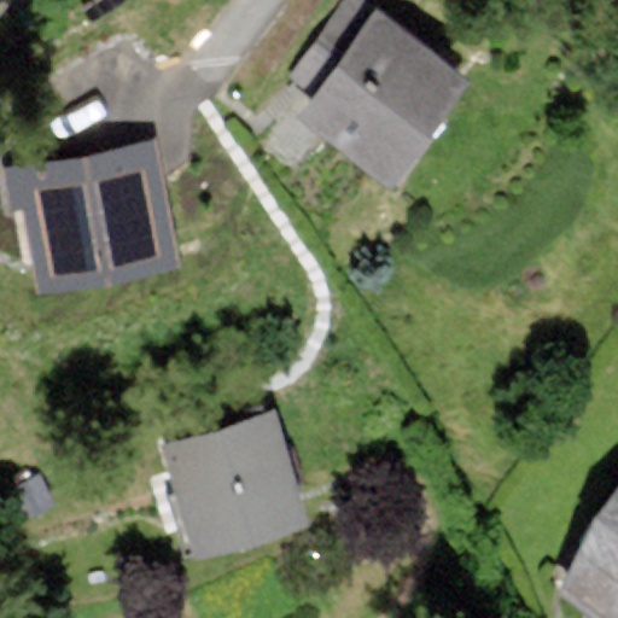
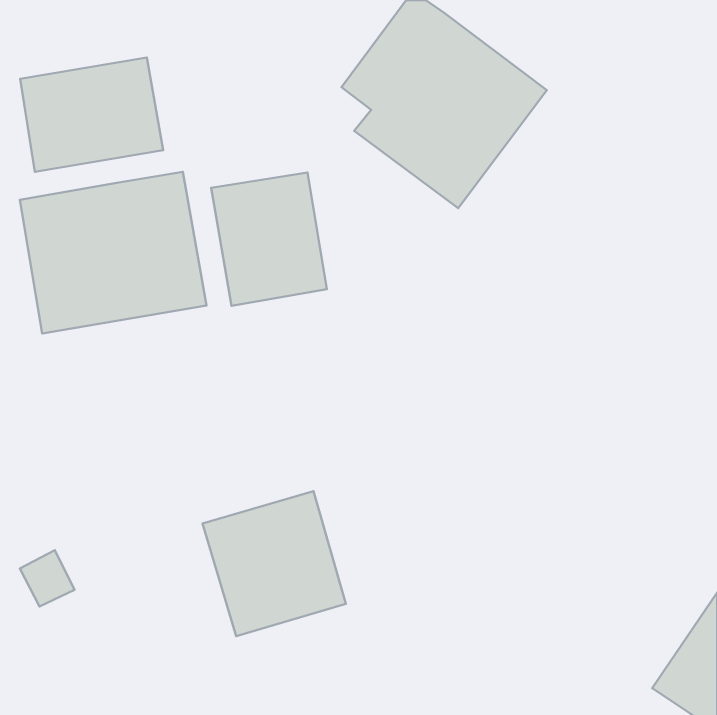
building: none -> [20,57,163,172]
building: none -> [211,172,327,306]

